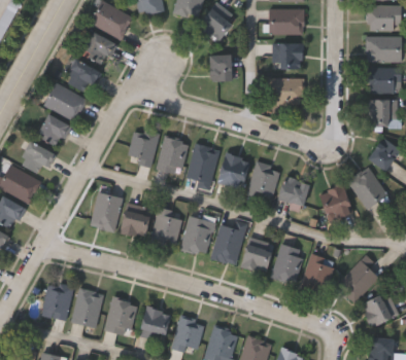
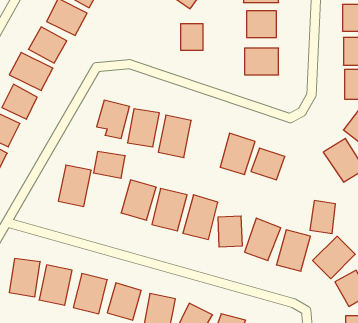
building: [216,152,249,189] -> none
building: [324,185,348,217] -> [310,201,335,234]
building: [120,212,150,238] -> [93,152,125,178]

